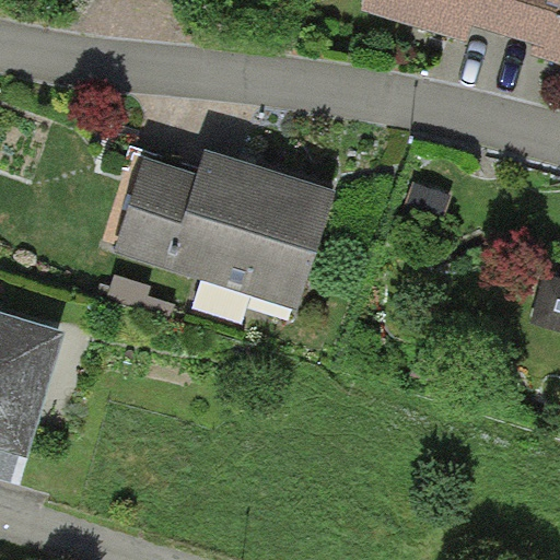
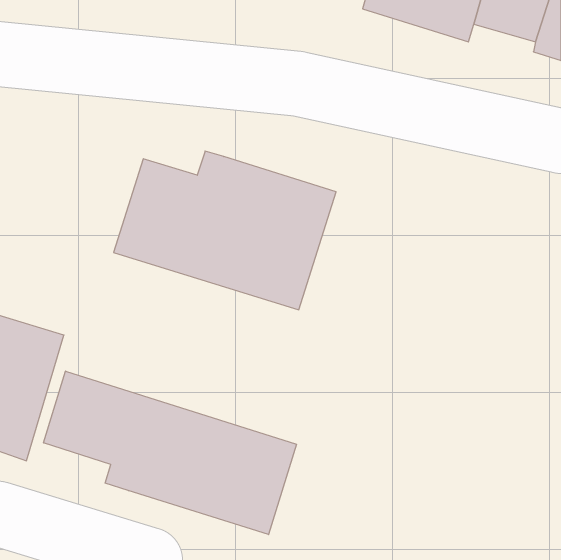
building: none -> [44,371,296,535]

